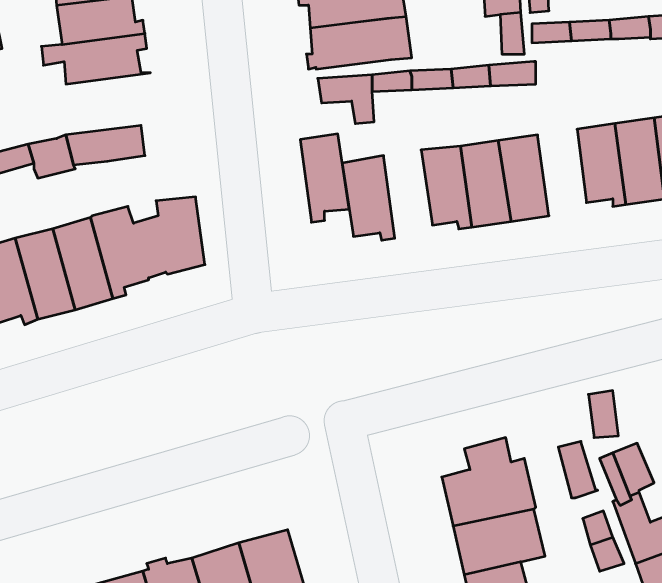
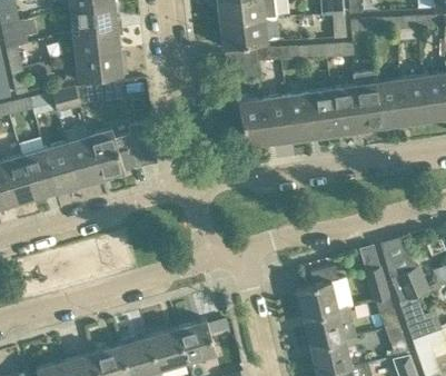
building: none -> [75,50,127,80]
building: none -> [353,72,383,135]
building: [300,134,349,222] -> [262,96,291,148]

